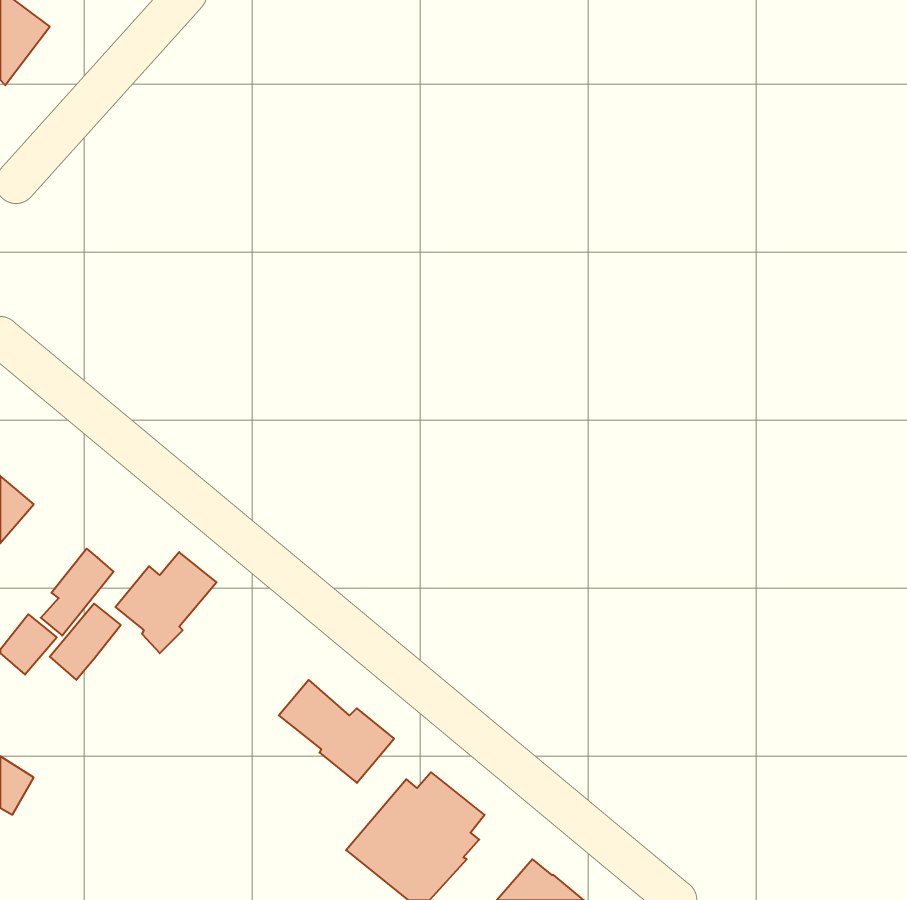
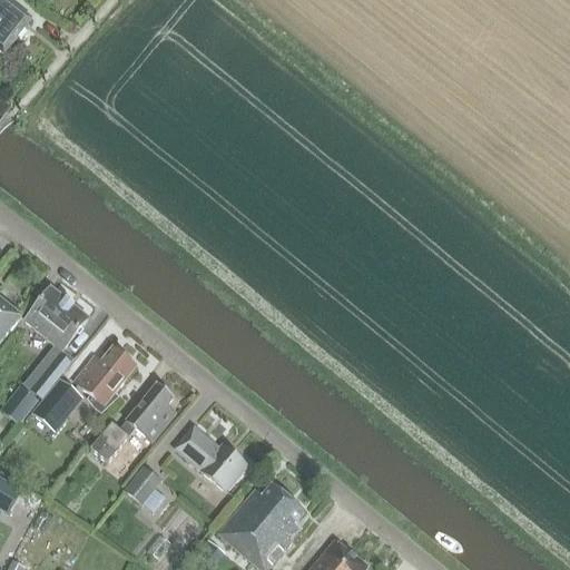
building: none -> [24,287,88,350]
building: none -> [90,383,176,462]
building: none -> [121,464,159,504]

